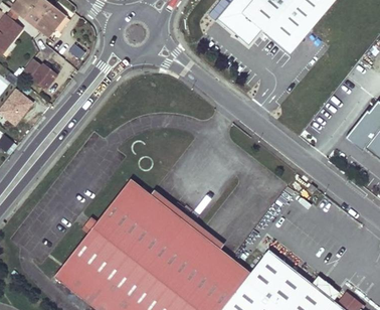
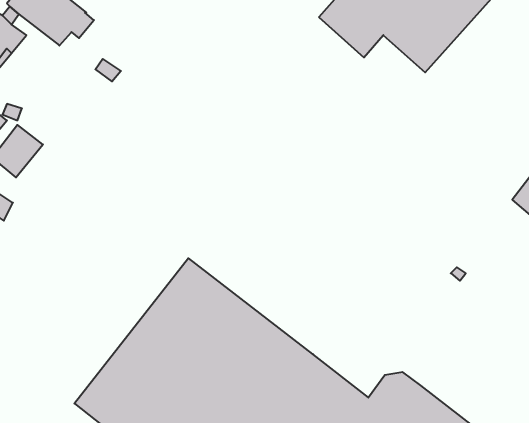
building: [19,56,54,89] -> none

